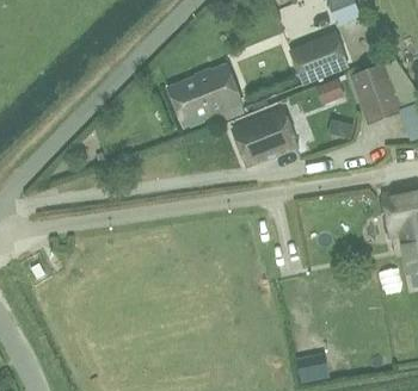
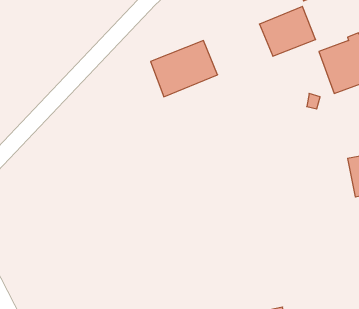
building: [233,111,296,167] -> none

